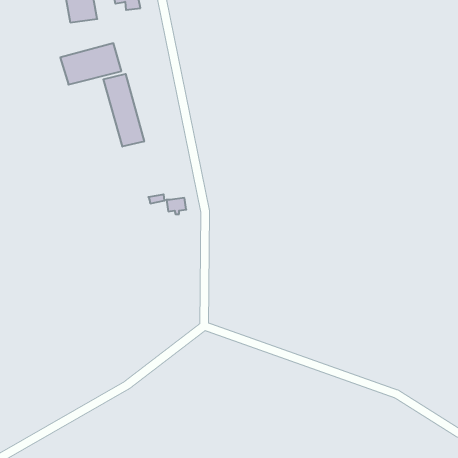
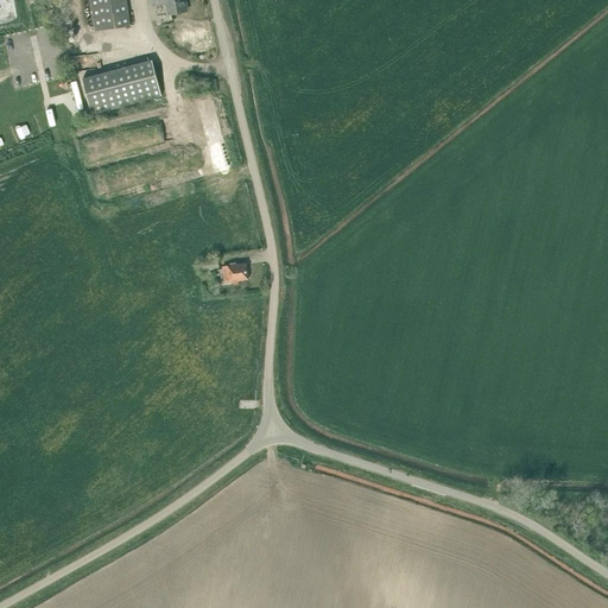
building: [103,74,144,147] -> none

